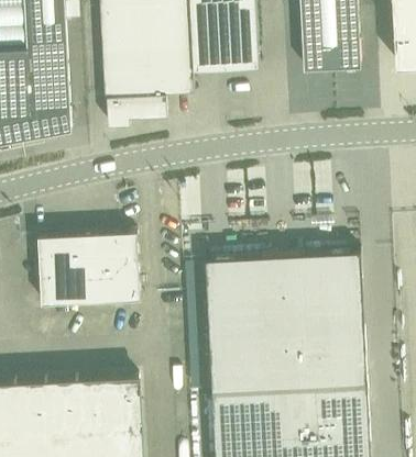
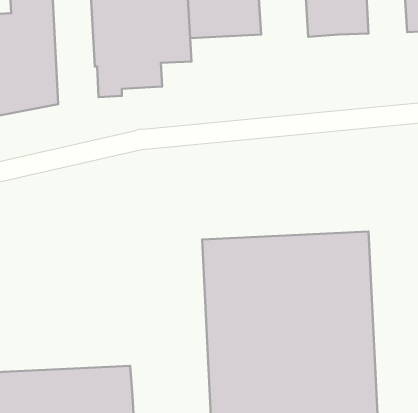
building: [37,233,140,305] -> none

